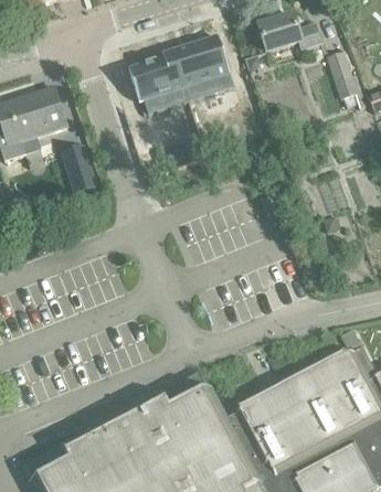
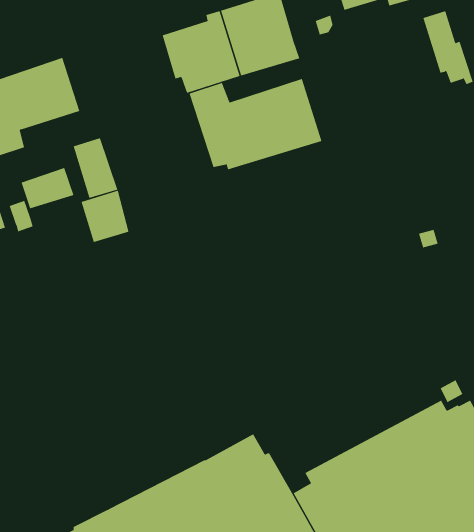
building: none -> [189,78,322,170]
building: none -> [21,167,74,209]
building: none -> [81,190,129,243]

